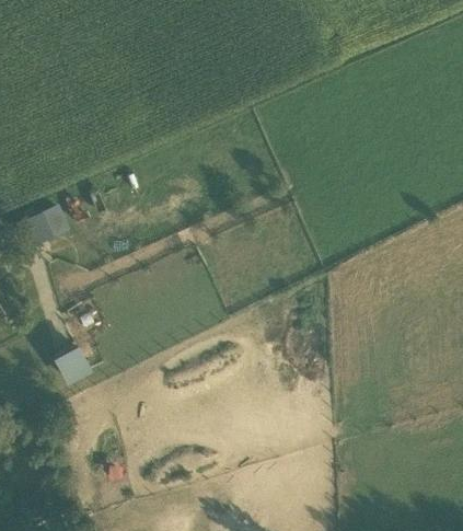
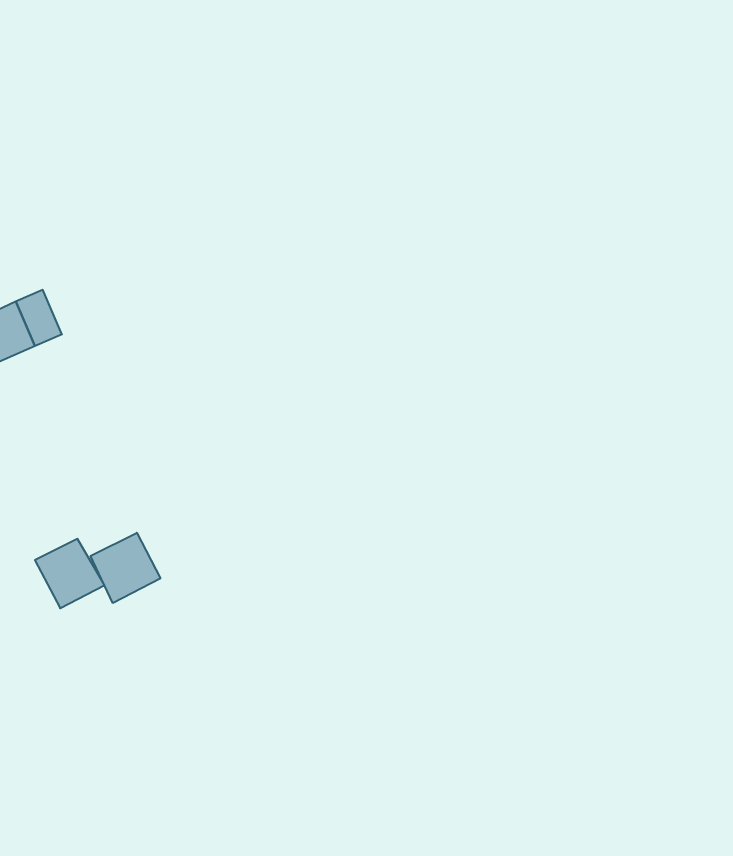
building: none -> [91,533,160,603]

